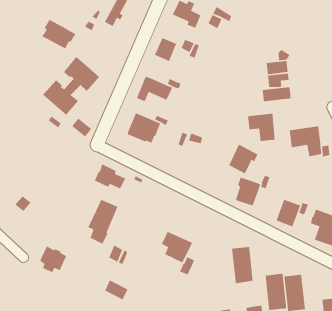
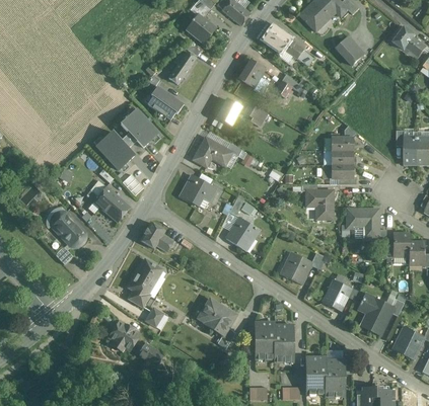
building: [41,19,76,50] -> [147,86,184,119]
building: none -> [86,186,130,222]
building: [228,144,259,174] -> [226,218,259,250]
building: none -> [52,212,86,246]
building: [39,245,67,273] -> [110,321,139,350]
building: none -> [255,322,274,359]

